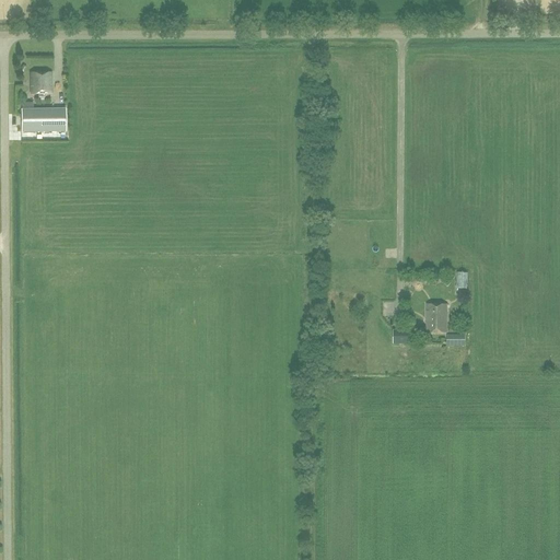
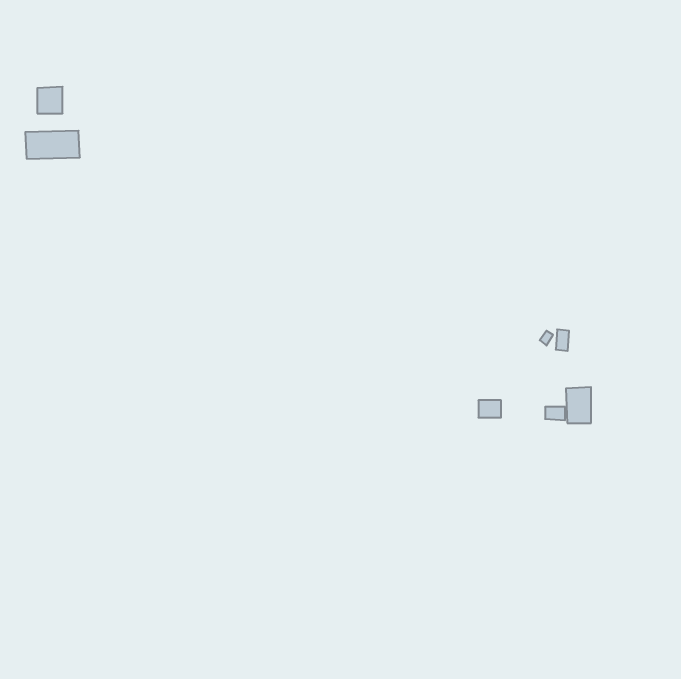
building: [425,302,446,331] -> [566,387,591,423]

